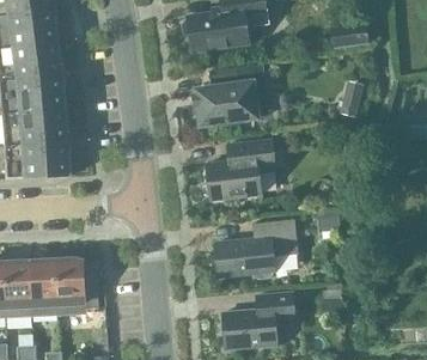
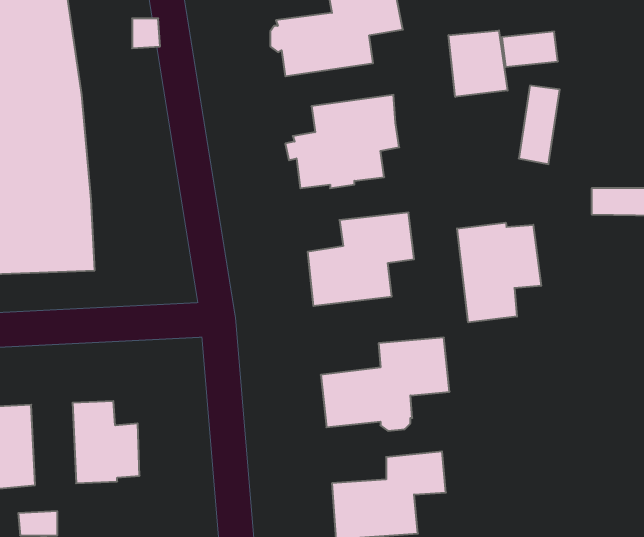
building: none -> [449,30,508,97]
building: none -> [457,223,541,322]
building: [29,261,57,313] -> none

